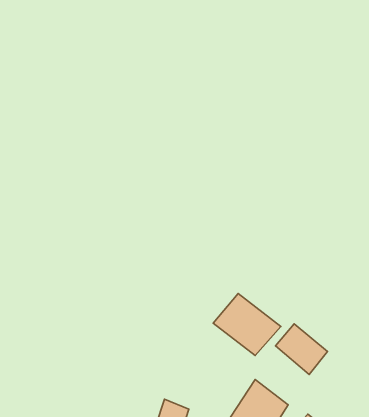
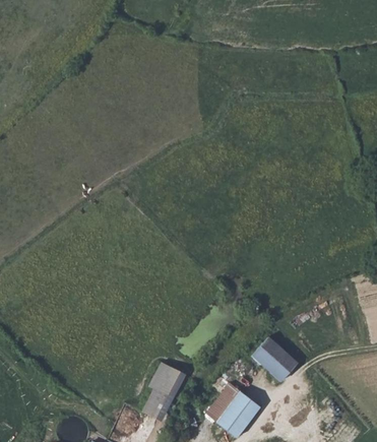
building: [213,293,281,355] -> none
building: none -> [148,362,187,400]

